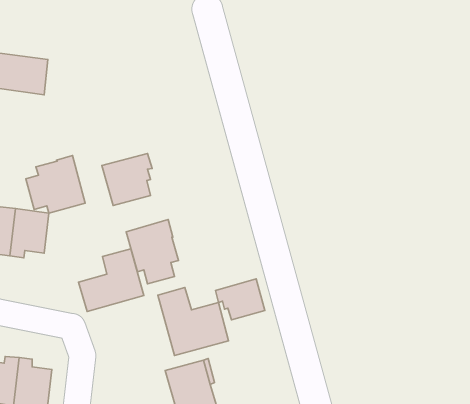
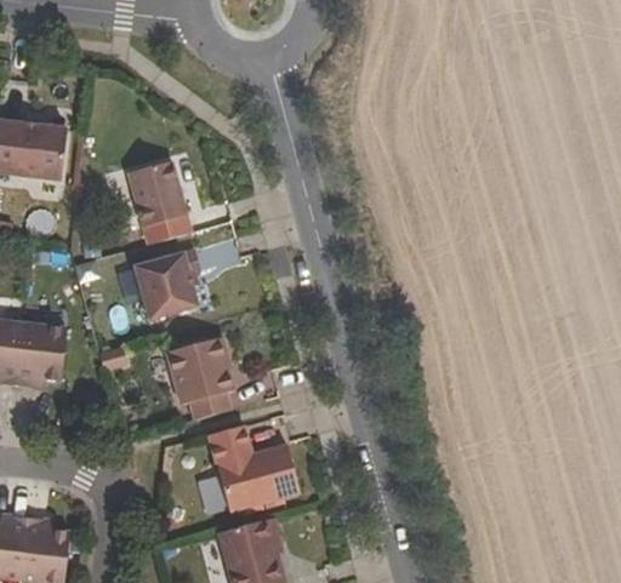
building: none -> [127,161,186,227]
building: [26,155,85,213] -> none
building: [79,249,144,311] -> none
building: [216,279,265,320] -> none

